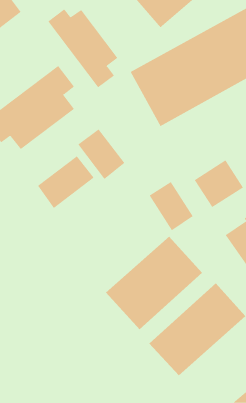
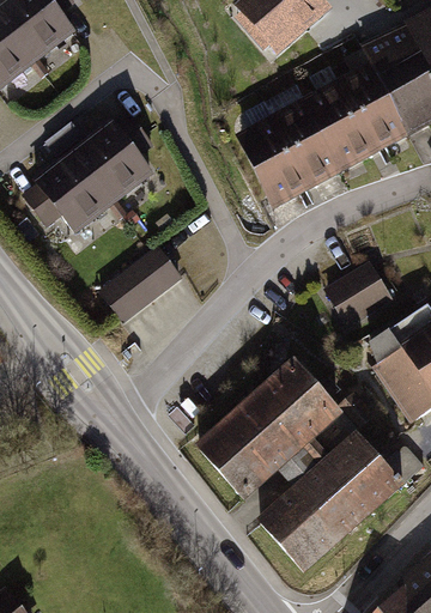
building: [48,8,118,88] -> none
building: [77,128,125,180] -> none
building: [149,181,194,231] -> none

